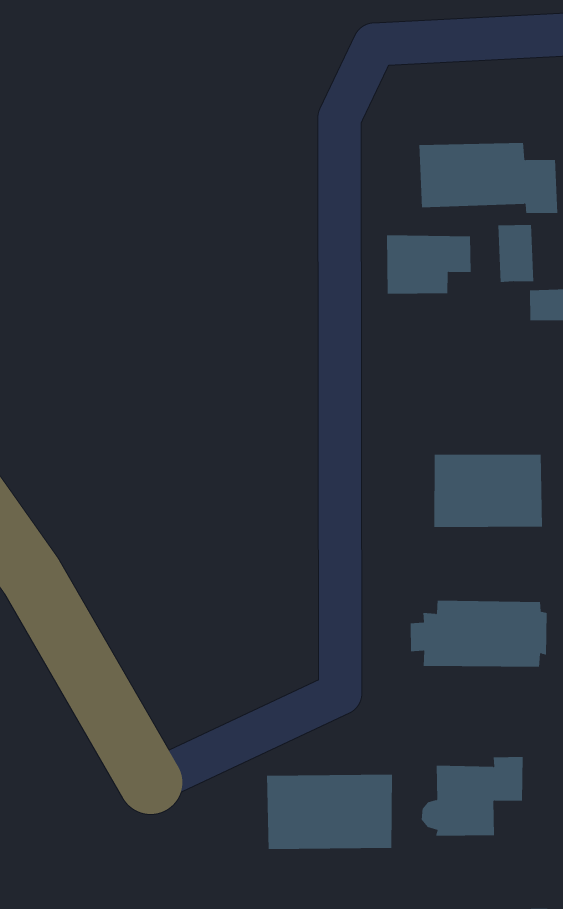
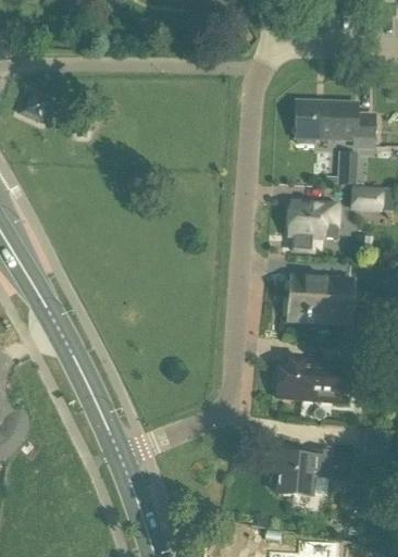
building: [386,235,472,294] -> [288,202,338,238]
building: [267,774,393,850] -> none

